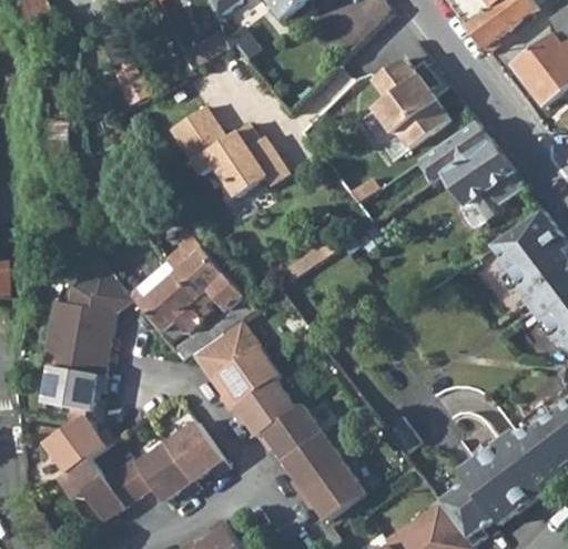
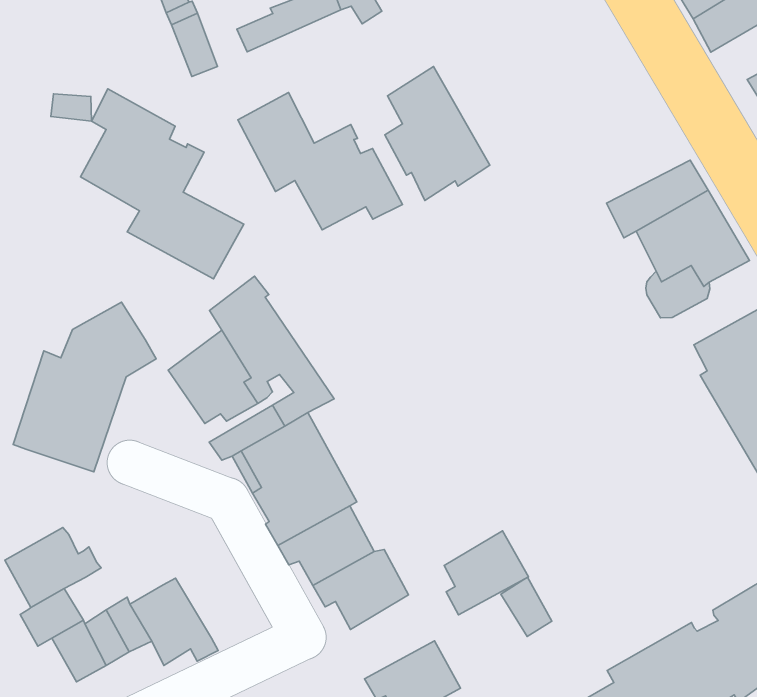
building: [376,55,450,146] -> [385,66,490,200]
building: none -> [80,89,244,279]
building: [43,368,104,414] -> none
building: [163,423,225,481] -> none
building: [285,437,343,497] -> [444,531,529,615]

